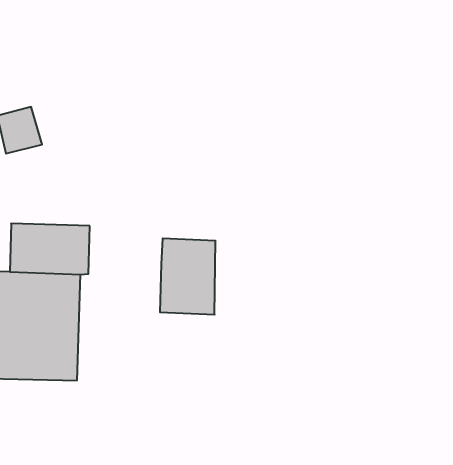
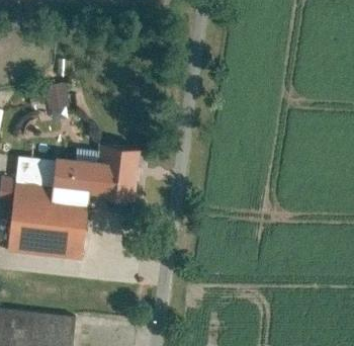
building: [160,238,216,315] -> [94,145,132,195]

